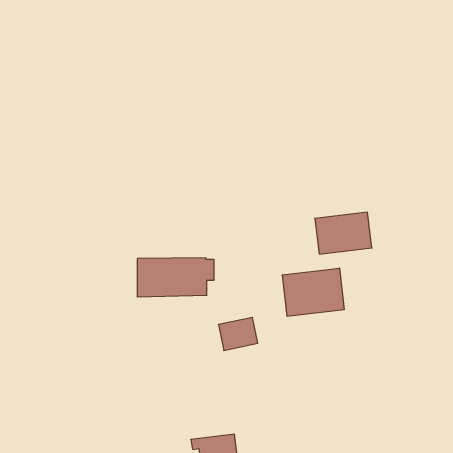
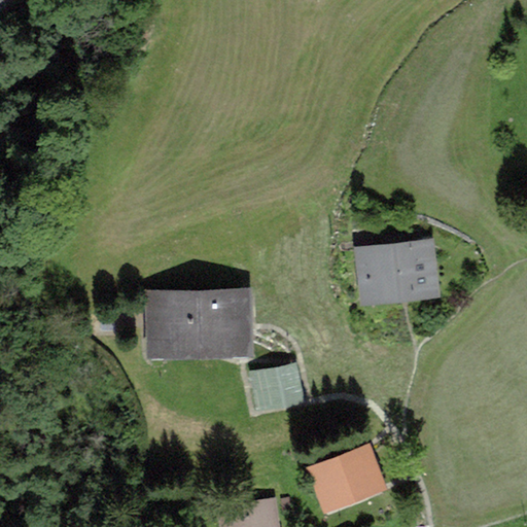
building: [282,268,344,316] -> none
building: none -> [317,454,373,504]

